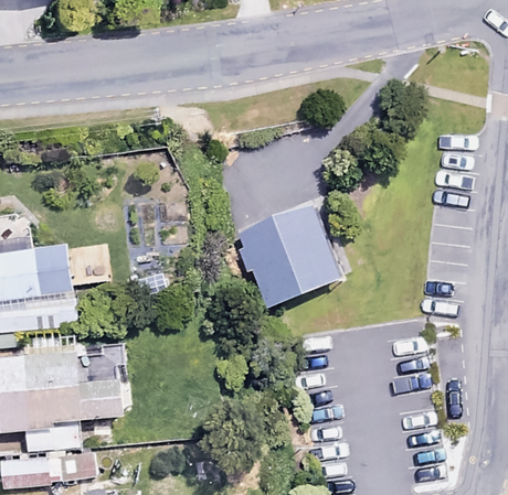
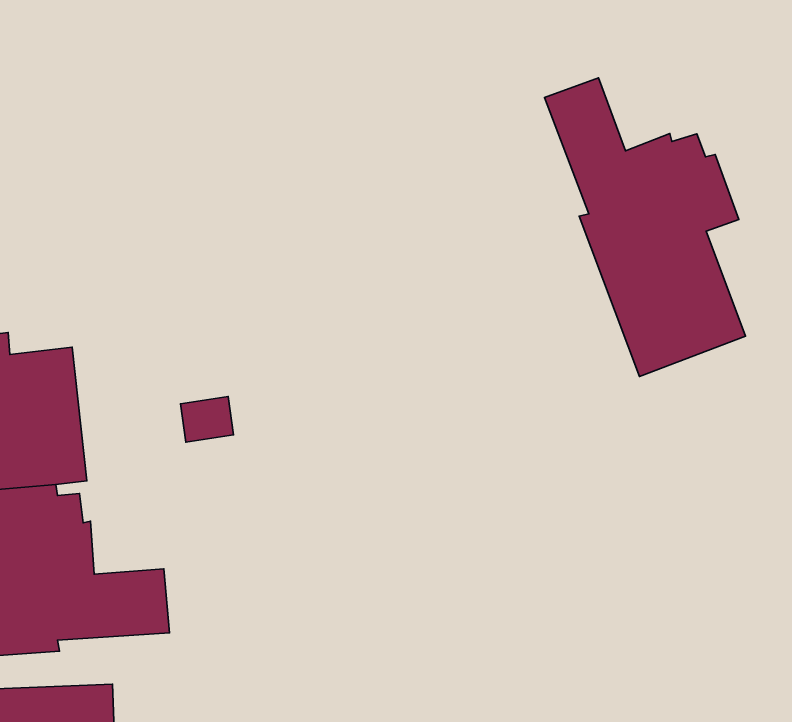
building: none -> [544,78,746,377]
building: [233,202,346,310] -> none

